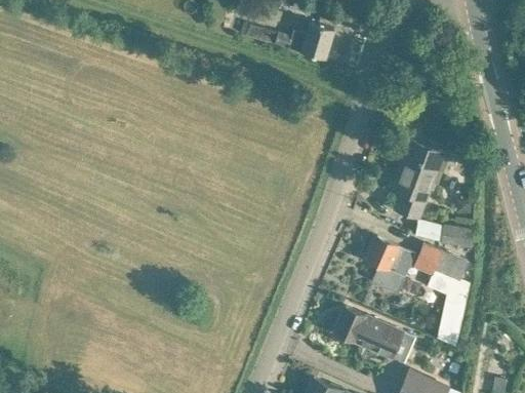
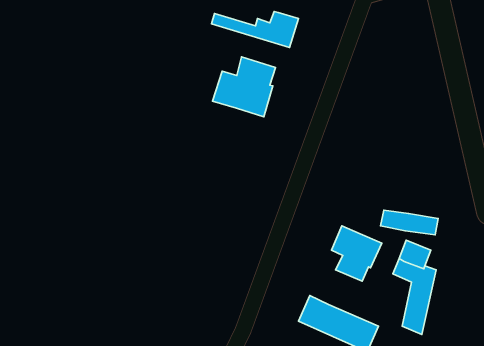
building: none -> [213,57,275,117]
building: [394,142,443,219] -> none
building: [413,244,442,275] -> none

